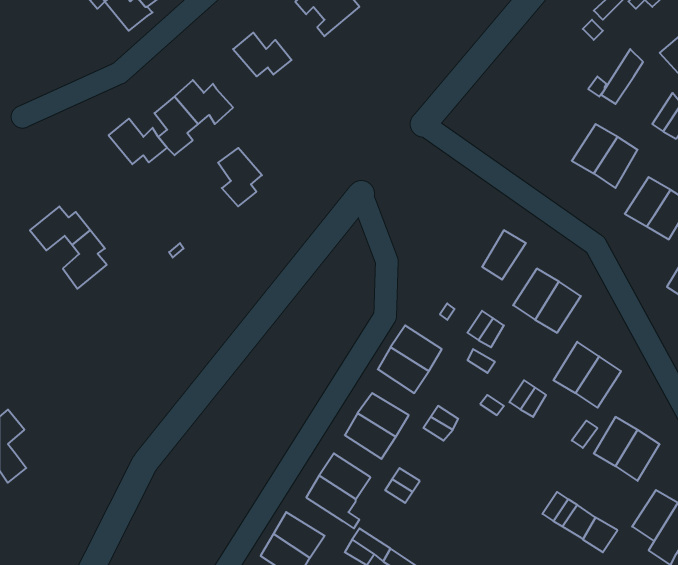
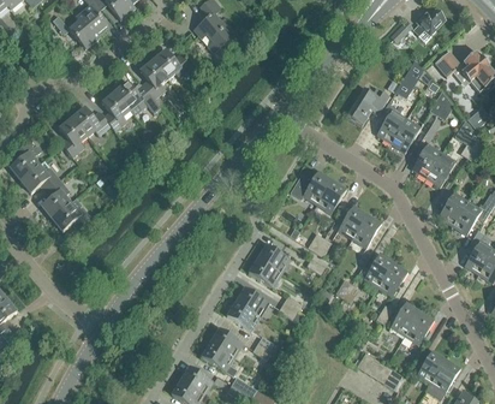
building: none -> [346,85,389,124]
building: none -> [60,117,88,156]
building: [218,148,262,206] -> [141,60,169,99]
building: none -> [10,141,40,179]
building: none -> [291,170,332,203]
building: none -> [52,202,91,231]

